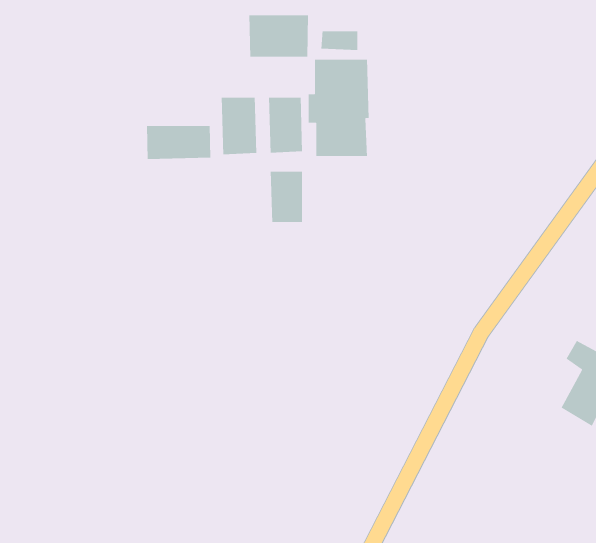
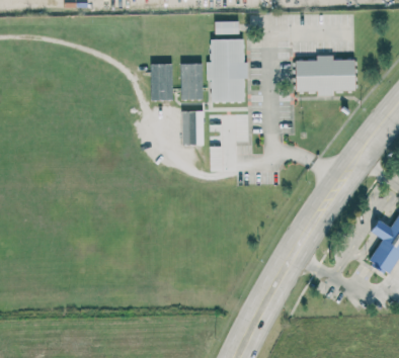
building: [249,15,309,58] -> none
building: none -> [296,56,355,96]
building: [146,125,211,160] -> none

